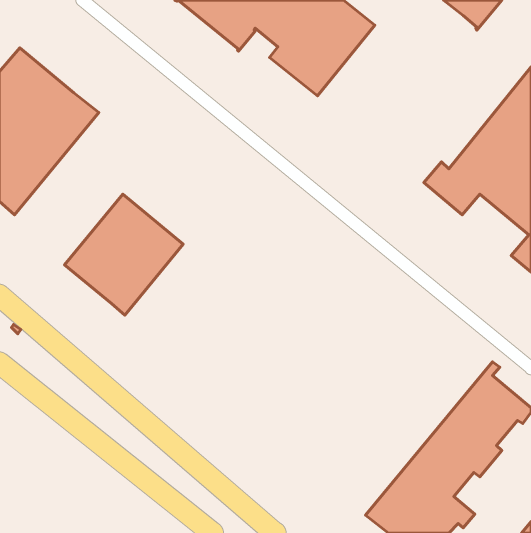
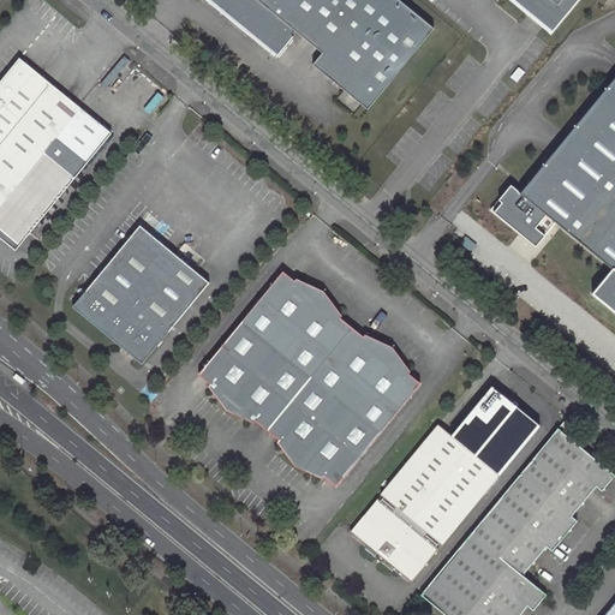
building: none -> [197,271,417,484]
building: none -> [353,387,542,581]

